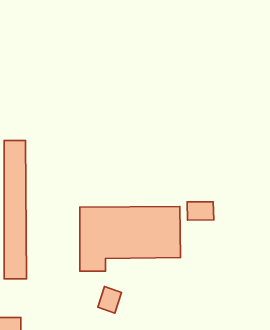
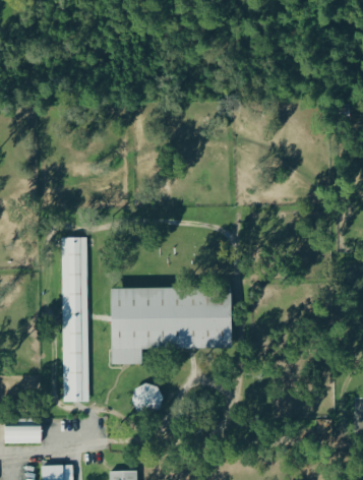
building: [4,141,26,279] -> [62,237,88,402]
building: [187,202,214,220] -> none

